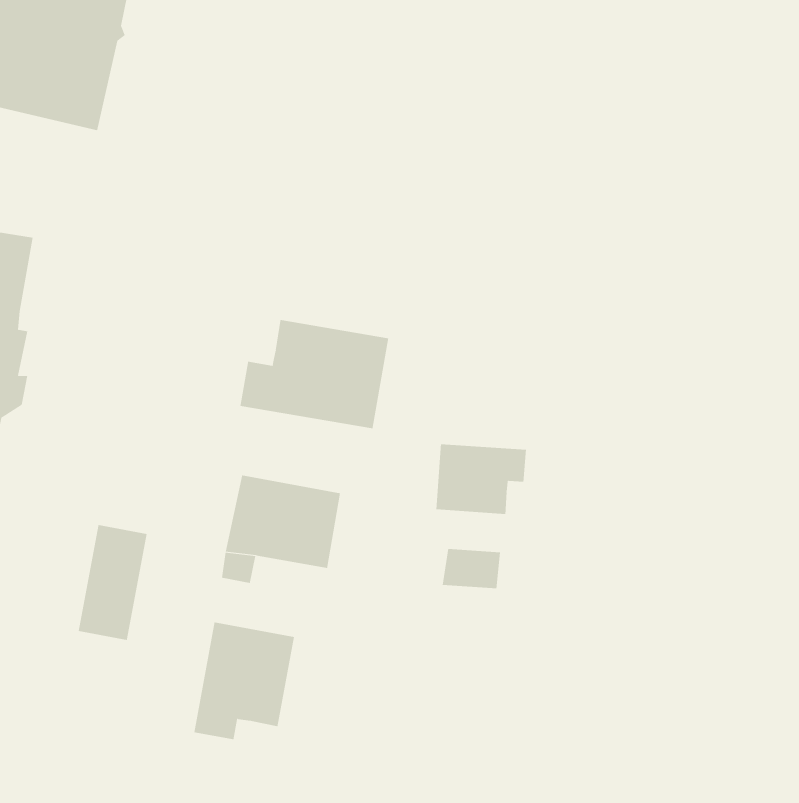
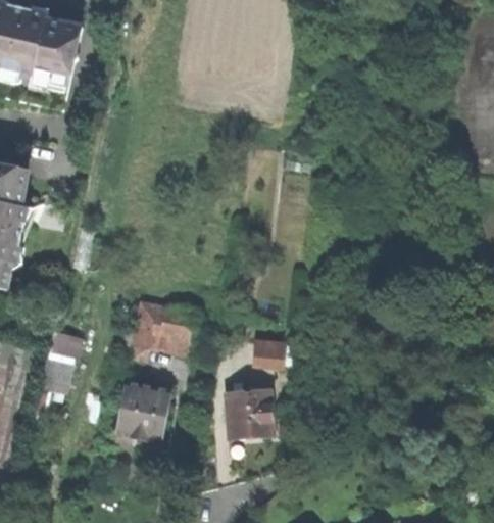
building: [240,319,389,429] -> none
building: [436,443,526,515] -> none
building: none -> [226,387,273,437]

